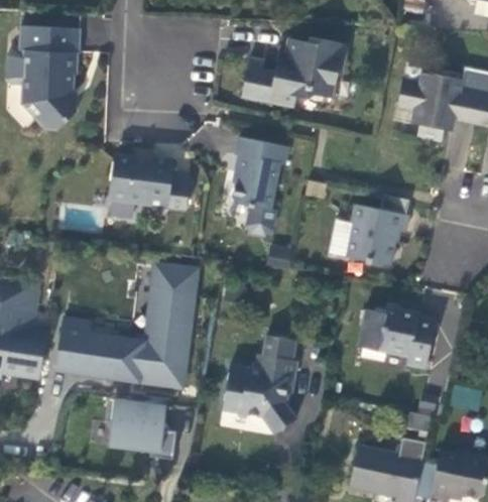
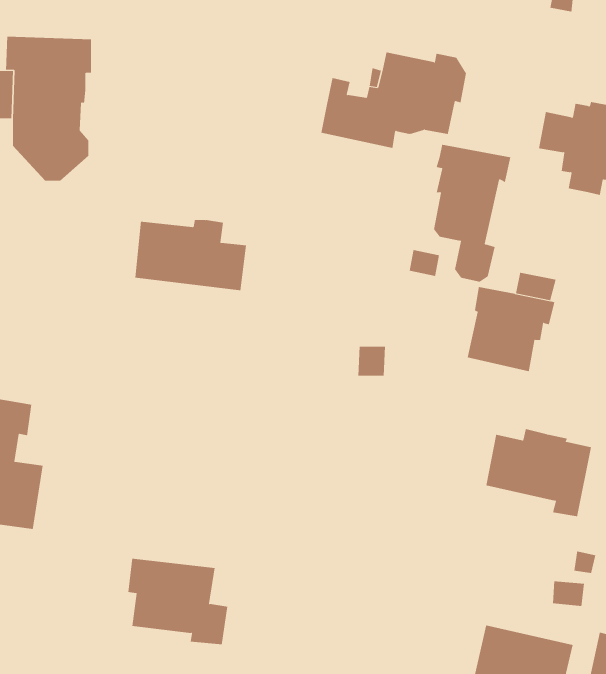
building: [233,137,288,235] -> [433,144,511,282]
building: [57,266,194,381] -> none
building: [222,335,297,432] -> none

